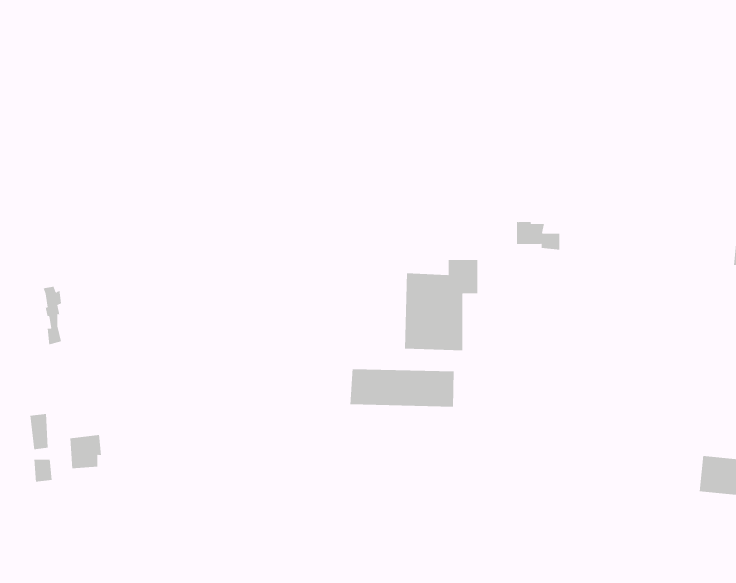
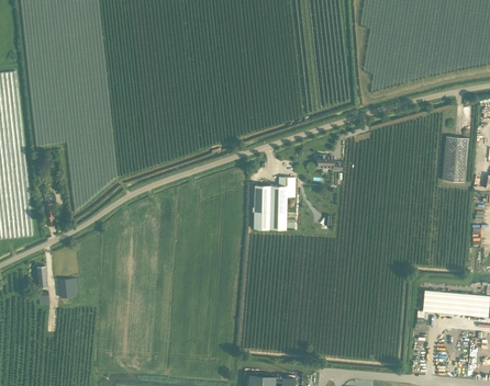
building: [350,369,454,408] -> none

